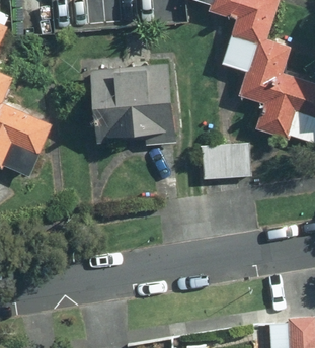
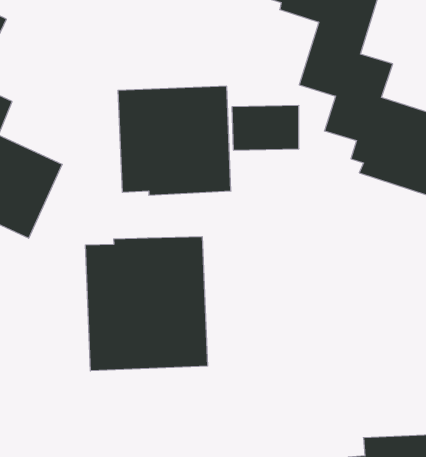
building: [203,144,251,176] -> [232,106,299,150]
building: none -> [86,237,207,371]

